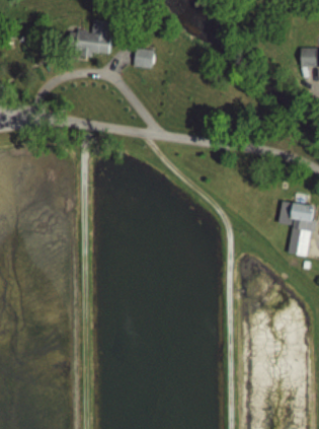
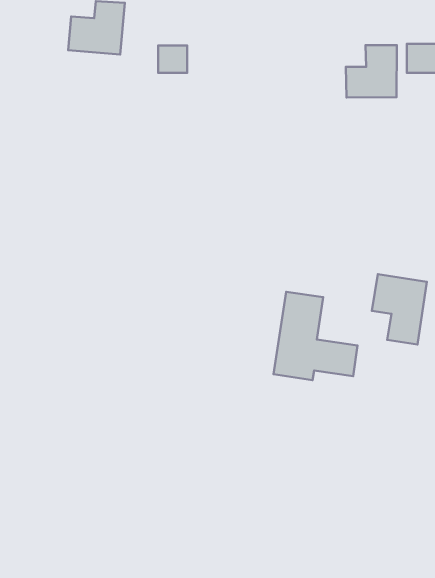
building: none -> [346,45,397,97]
building: none -> [274,292,358,380]

